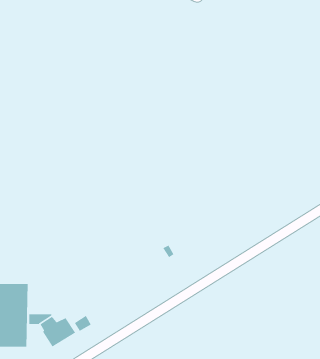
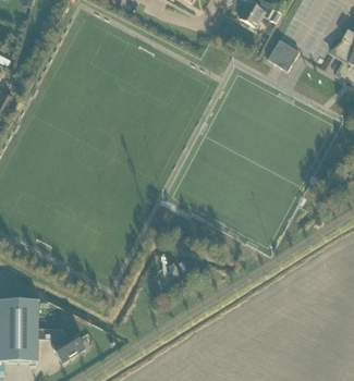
building: none -> [267,39,298,71]

